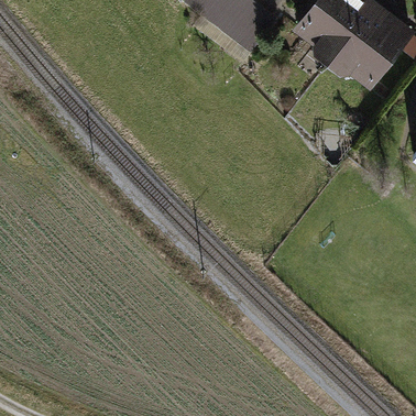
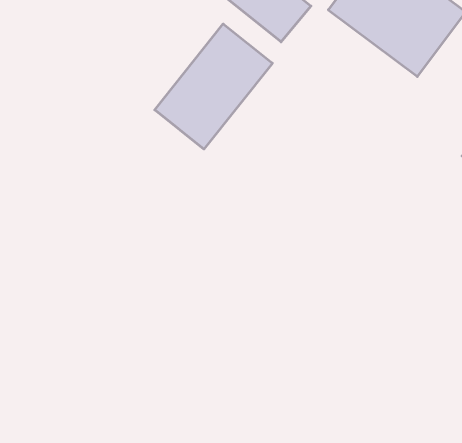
building: none -> [155,24,272,149]

